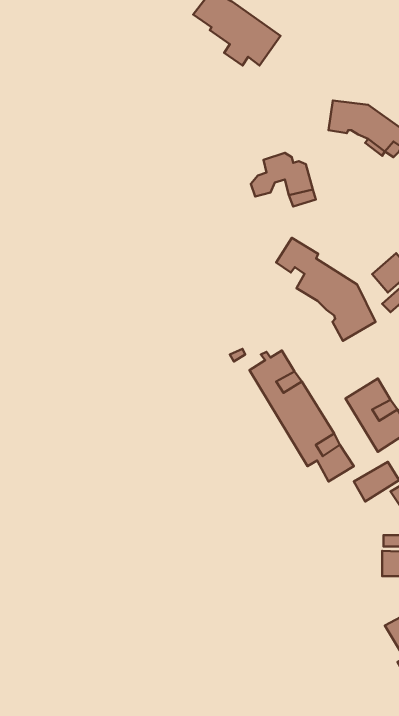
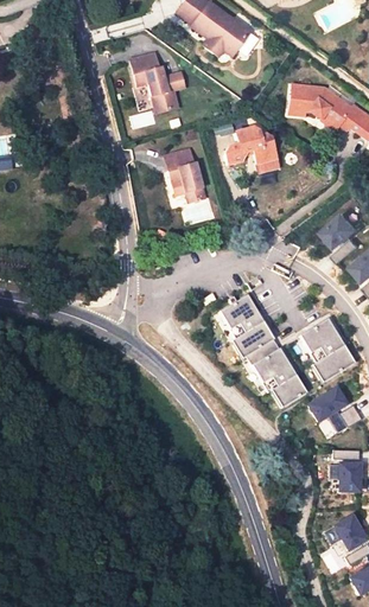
building: none -> [129,53,180,113]
building: none -> [167,151,204,204]
building: [276,238,376,341] -> none

